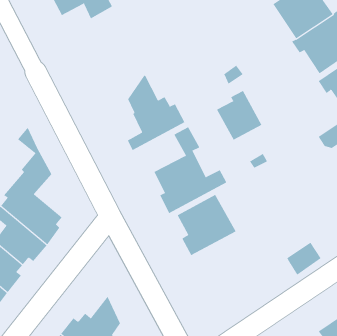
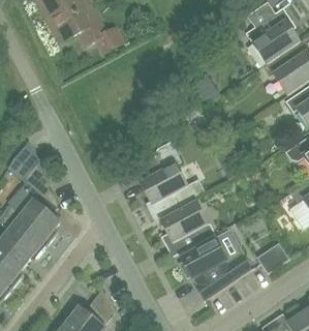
building: [127,75,185,151] -> none
building: [217,90,262,141] -> none
building: none -> [178,238,250,299]

